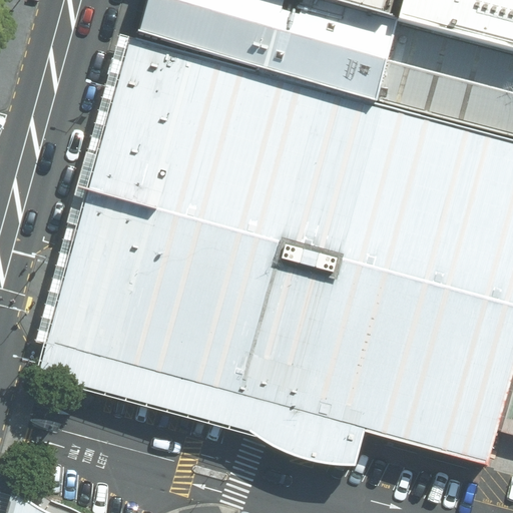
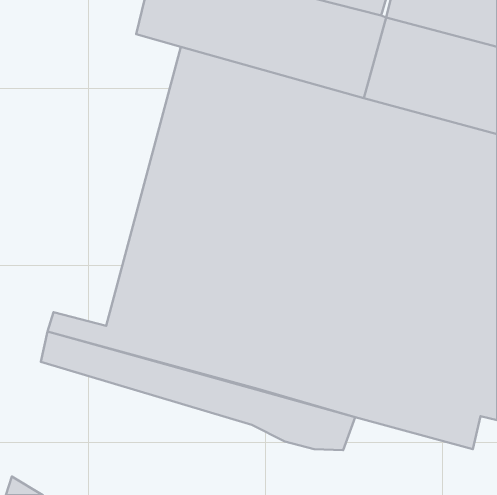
building: [55,33,186,336] -> none

